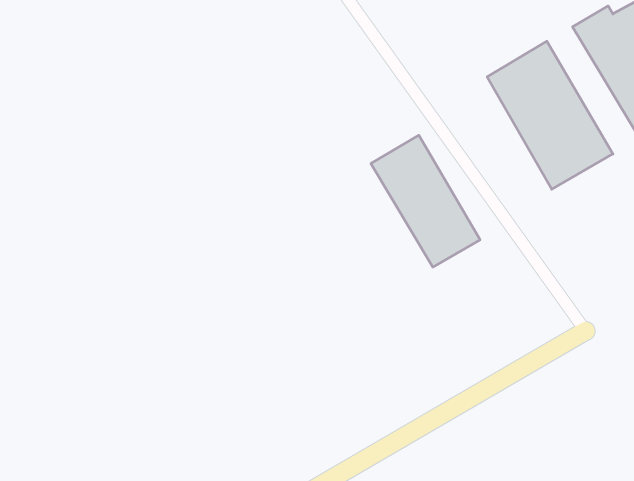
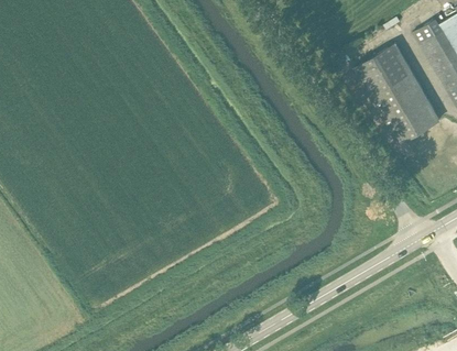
building: [371,135,480,267] -> none

